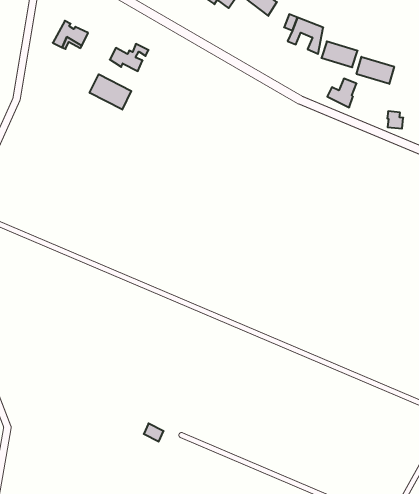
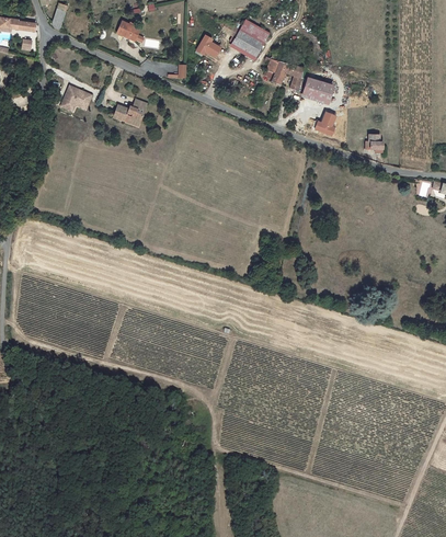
building: [357,57,394,84] -> none
building: [90,74,131,110] -> none

